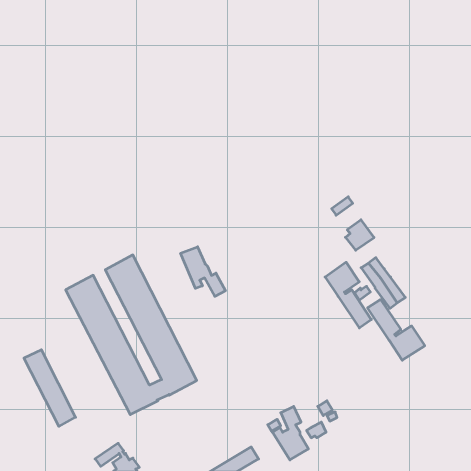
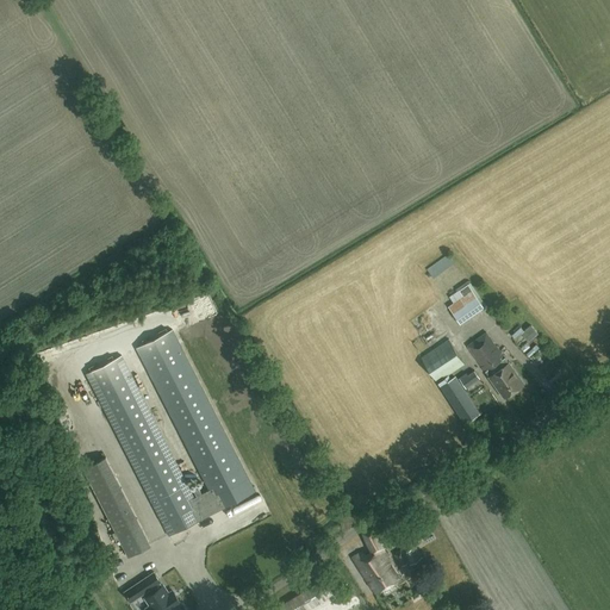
building: [181,247,225,296] -> none
building: [368,300,425,360] -> none
building: [24,350,76,426] -> [82,459,149,558]

